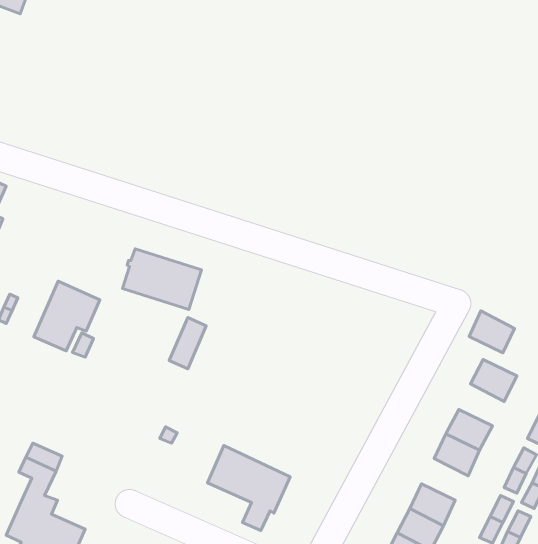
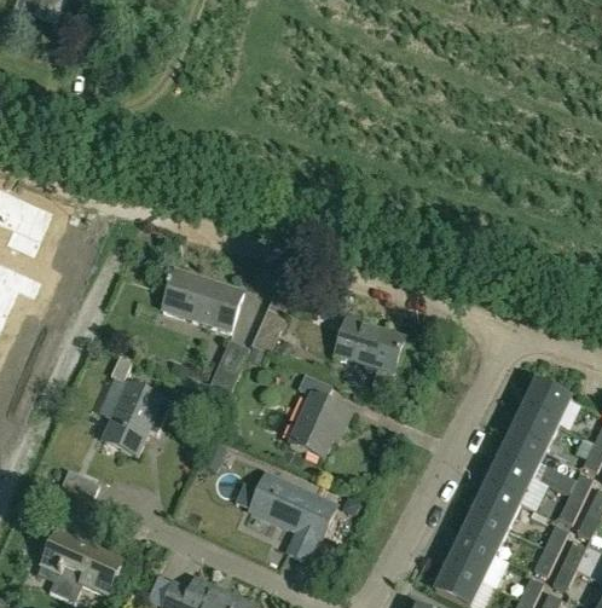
building: [34,281,100,351] -> [102,382,170,454]
building: none -> [251,309,284,353]
building: none -> [331,317,403,393]
building: [469,311,514,353] -> [510,409,557,452]
building: none -> [289,375,351,458]
building: none -> [471,486,520,529]

